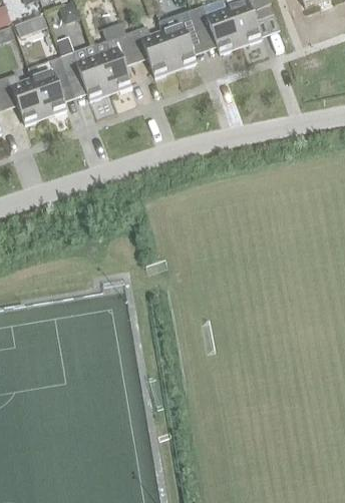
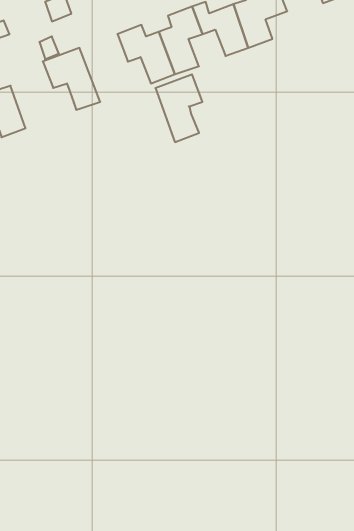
building: [93,33,134,92] -> [155,74,202,142]
building: [29,57,69,115] -> none

